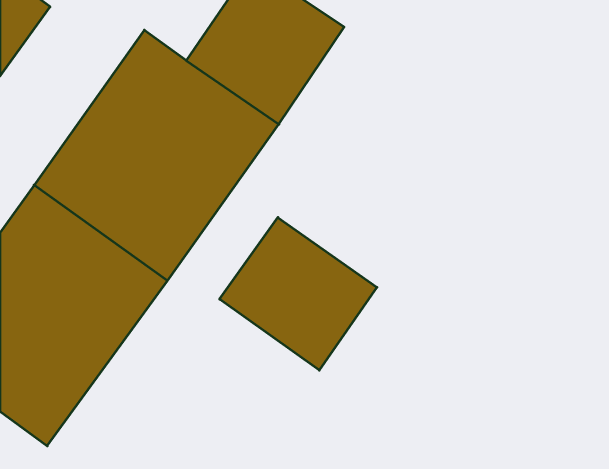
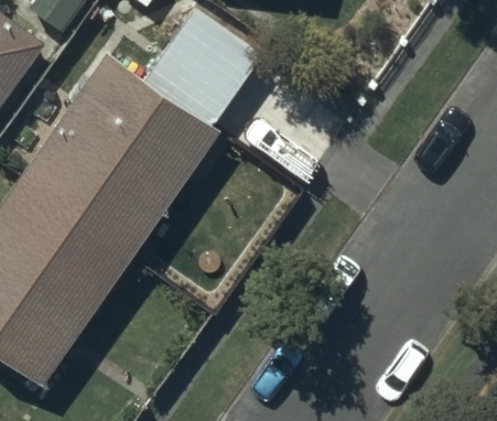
building: [220,217,377,370] -> none

